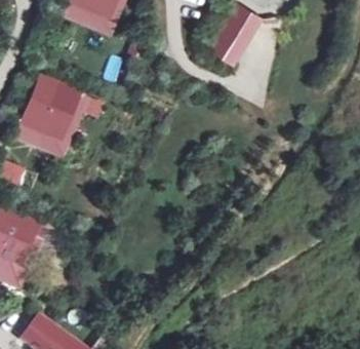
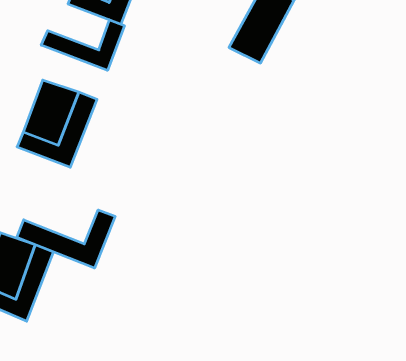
building: none -> [41,20,124,70]
building: none -> [17,210,115,268]

